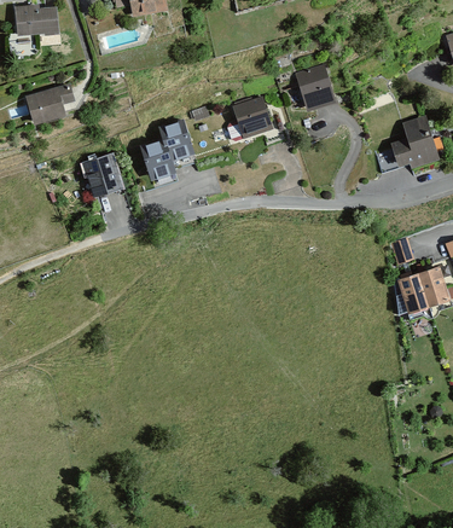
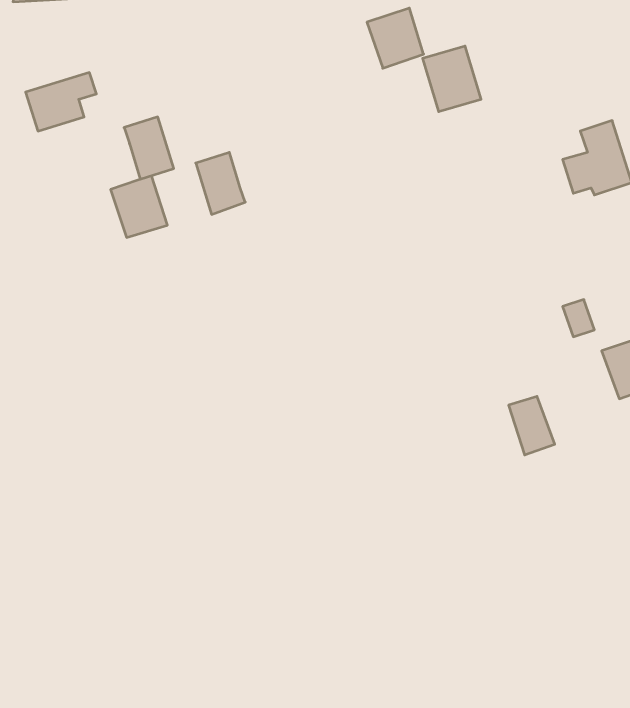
building: [232,97,271,138] -> [367,8,424,68]
building: [159,120,193,162] -> [124,117,174,179]
building: [397,273,429,313] -> [509,396,555,455]

